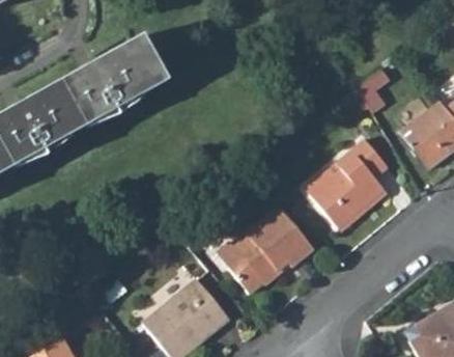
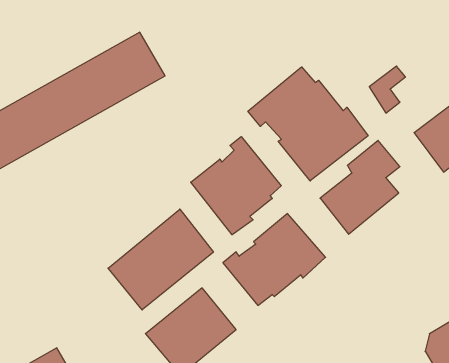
building: none -> [248,67,368,181]
building: none -> [191,137,281,235]
building: none -> [108,209,213,310]

